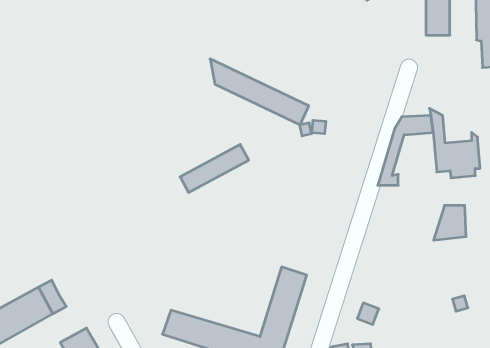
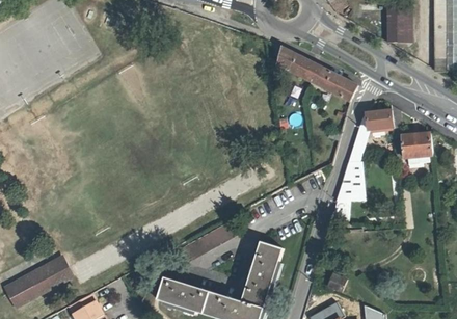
building: [210,59,309,125] -> [272,44,357,101]
building: [180,144,249,192] -> [179,222,238,264]
building: [434,205,466,240] -> [334,170,362,201]

